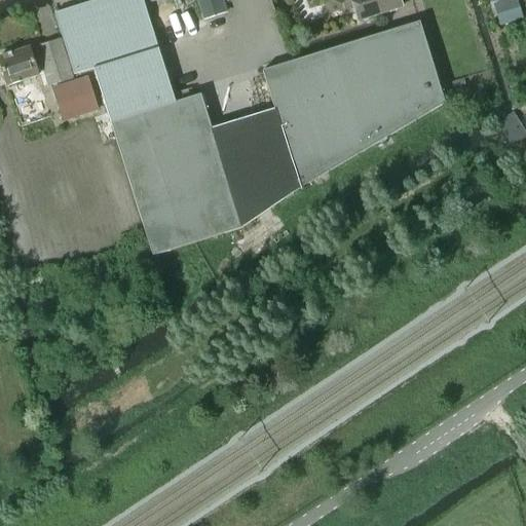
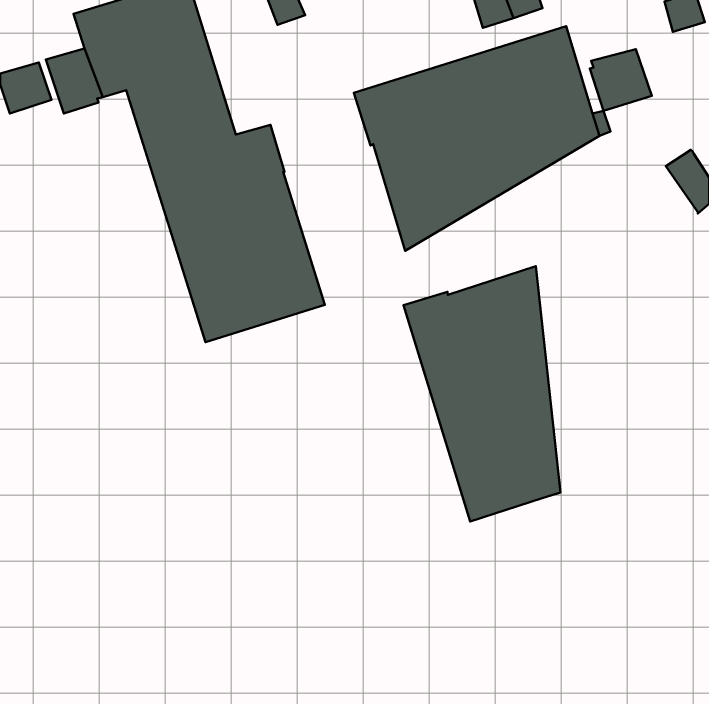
building: none -> [590,49,652,111]
building: [51,74,98,118] -> none
building: [210,107,300,226] -> none
building: none -> [404,266,561,521]

